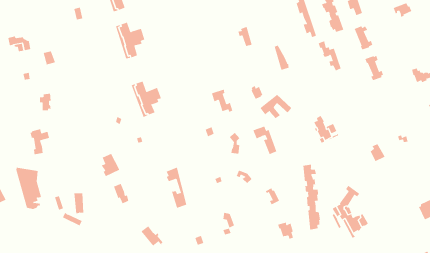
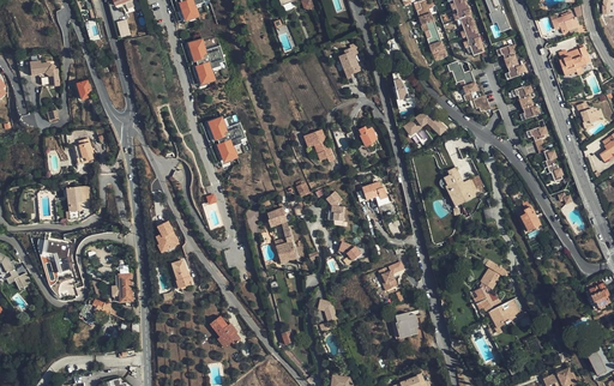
building: none -> [559,46,591,74]
building: none -> [528,127,564,183]
building: [260,94,292,119] -> [402,109,446,143]
building: [303,164,320,230] -> none
building: [166,167,187,208] -> [267,207,296,264]

